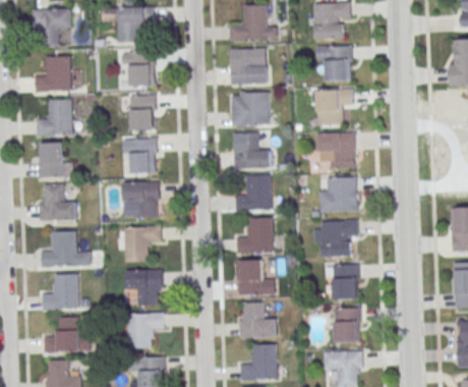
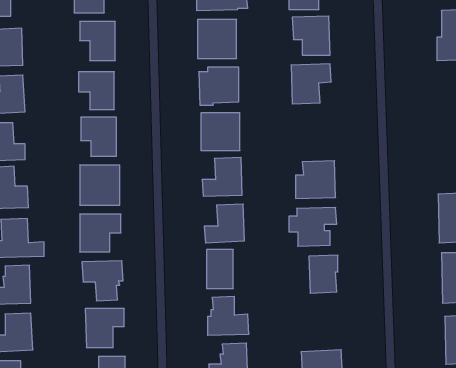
building: [318,132,355,168] -> none
building: [334,308,361,343] -> none

